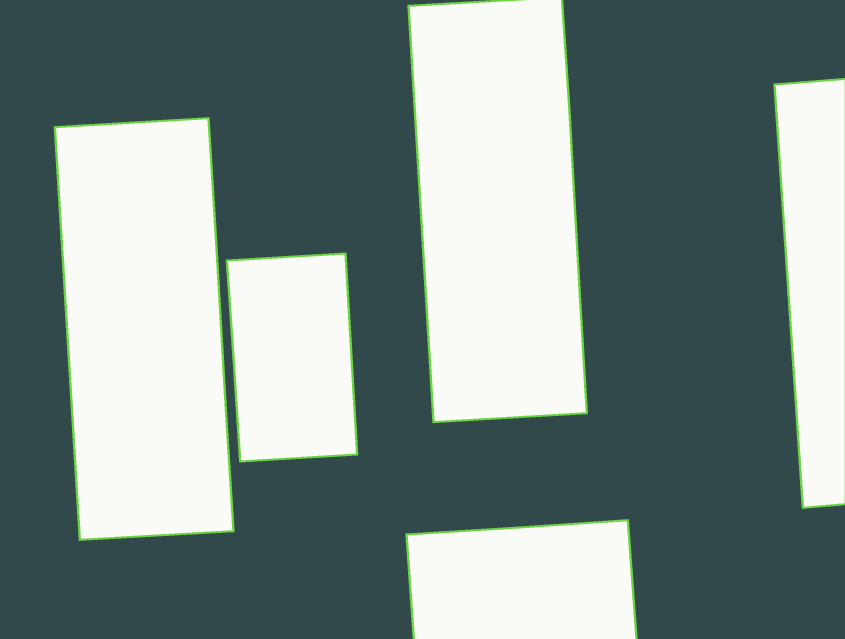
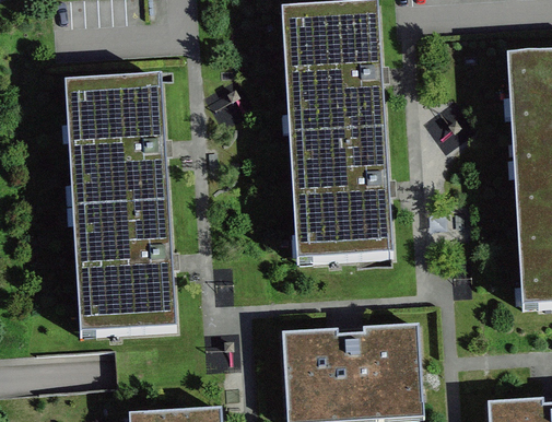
building: [227,253,357,462] -> none

